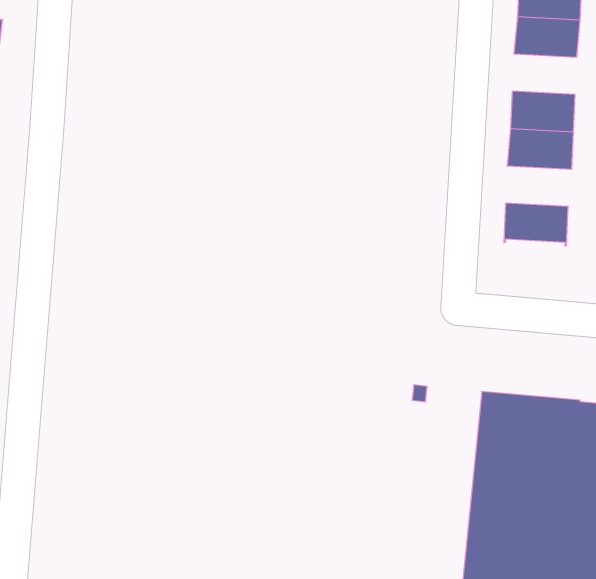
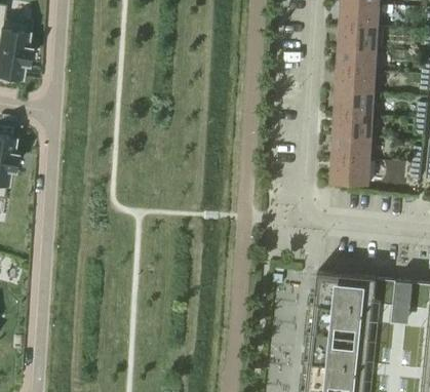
building: none -> [337,69,376,93]
building: none -> [333,136,373,161]

